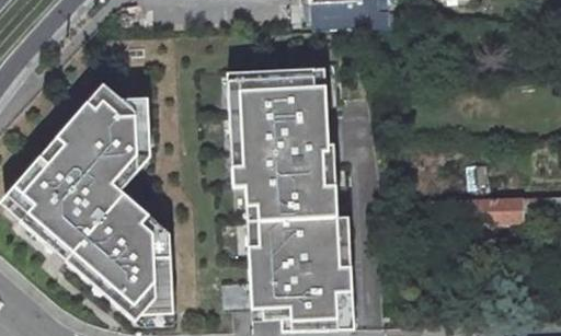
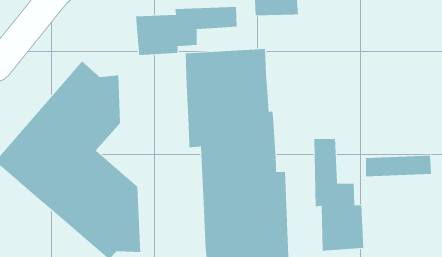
building: none -> [135,6,237,56]
building: none -> [314,138,364,251]

